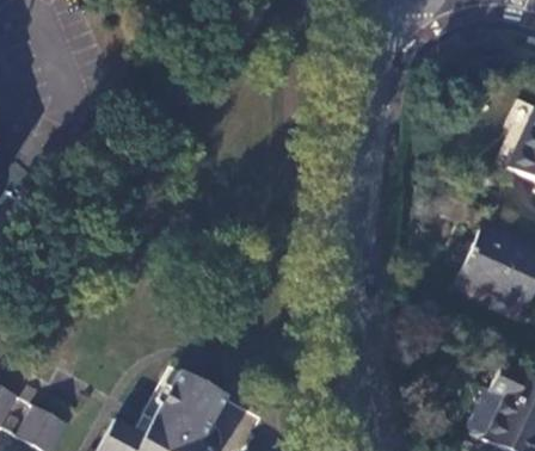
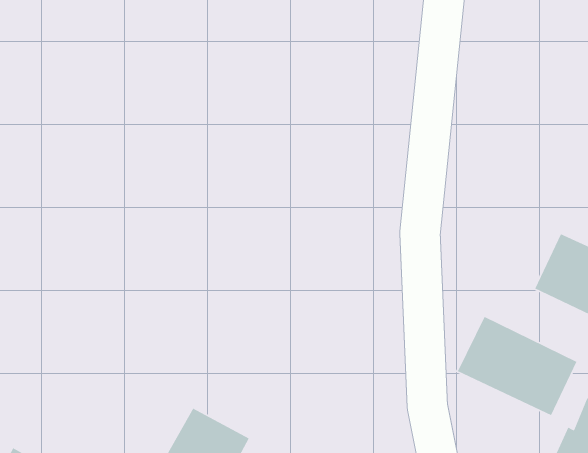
building: none -> [457,316,577,416]

